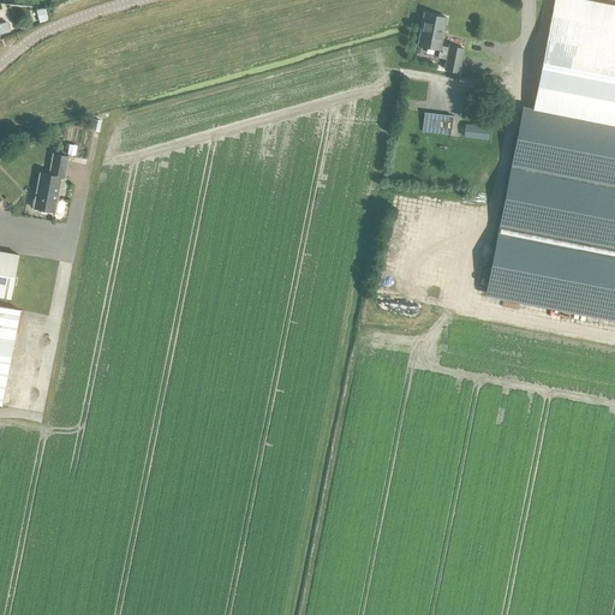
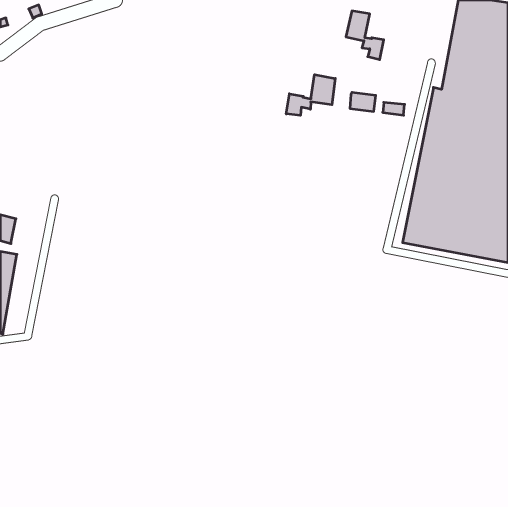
building: none -> [286,75,335,115]
building: [34,155,67,211] -> none

